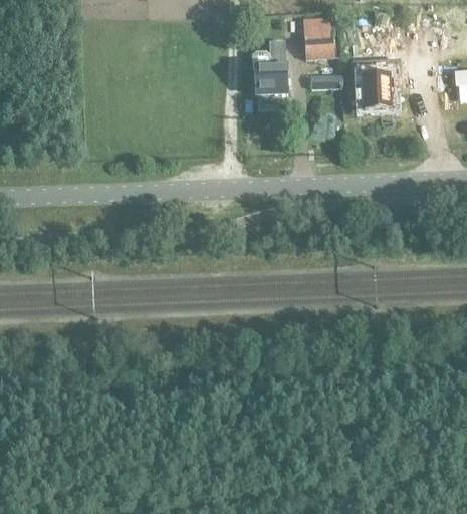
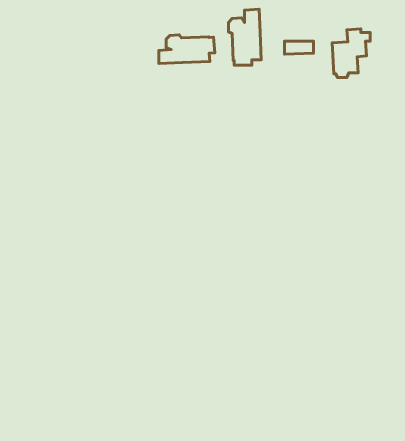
building: [303,34,333,57] -> none
building: none -> [159,35,215,64]

